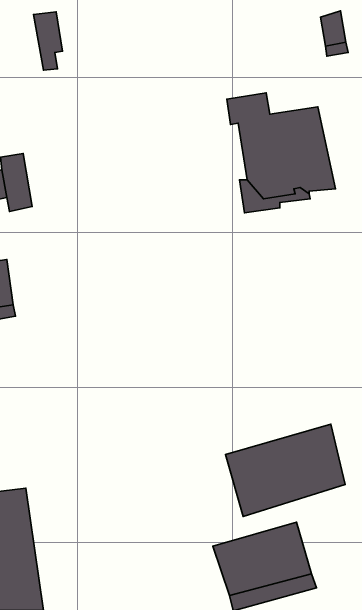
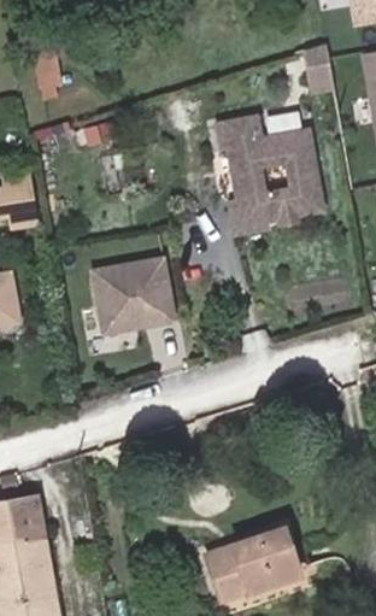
building: none -> [93,258,174,332]
building: [226,424,345,517] -> none

